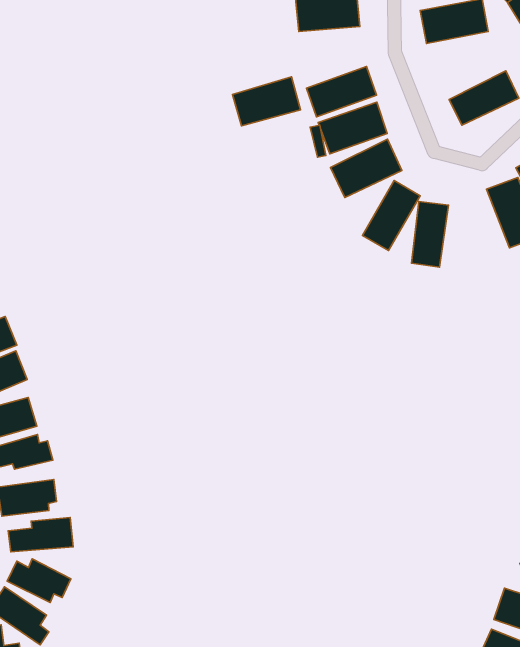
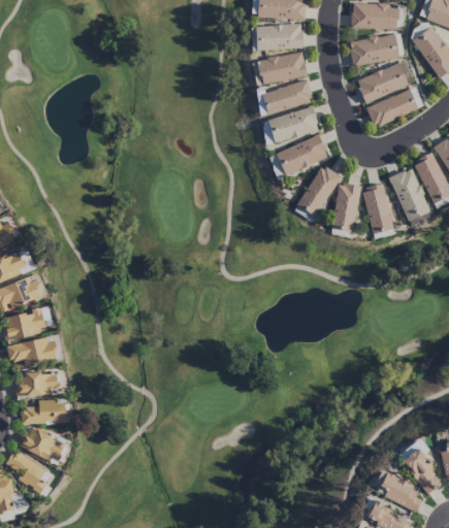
building: none -> [357,63,410,102]
building: [233,77,300,126] -> [258,51,308,85]
building: none -> [363,184,395,238]

